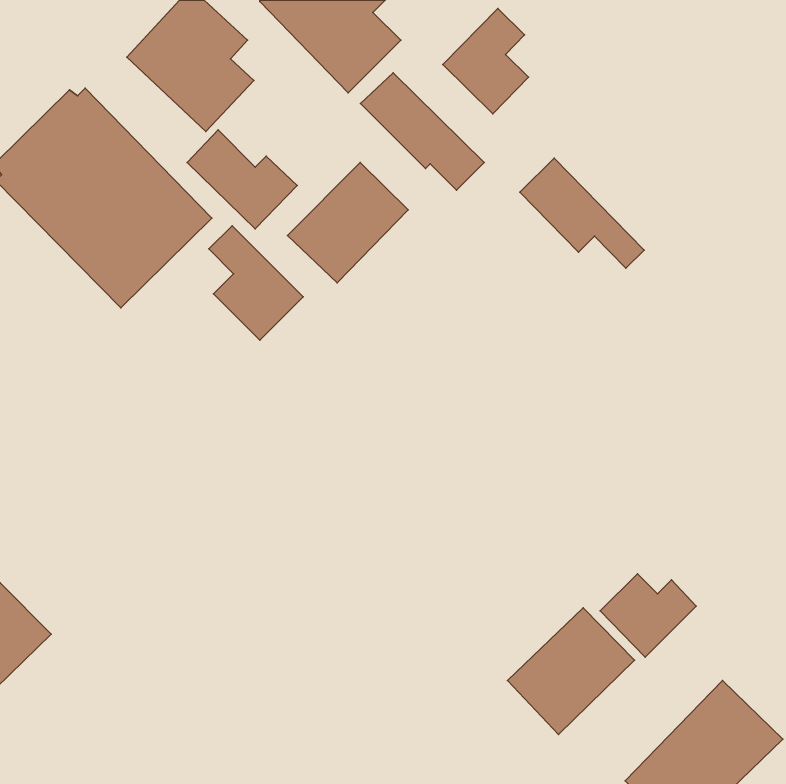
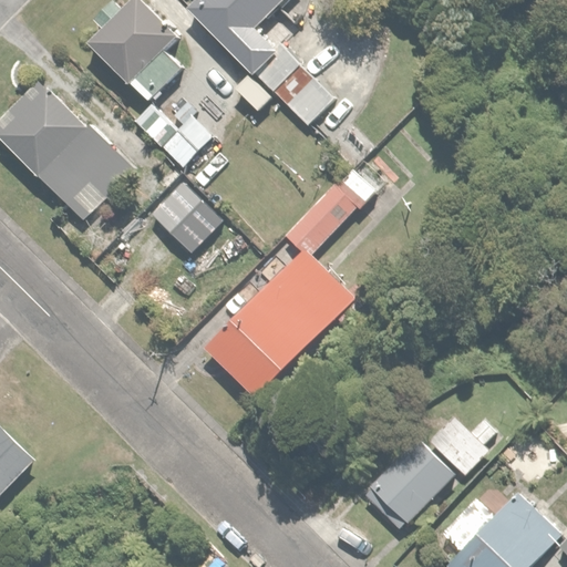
building: [443,9,529,114] -> none
building: [520,158,644,268] -> none
building: [288,163,408,283] -> none
building: none -> [199,158,385,398]

